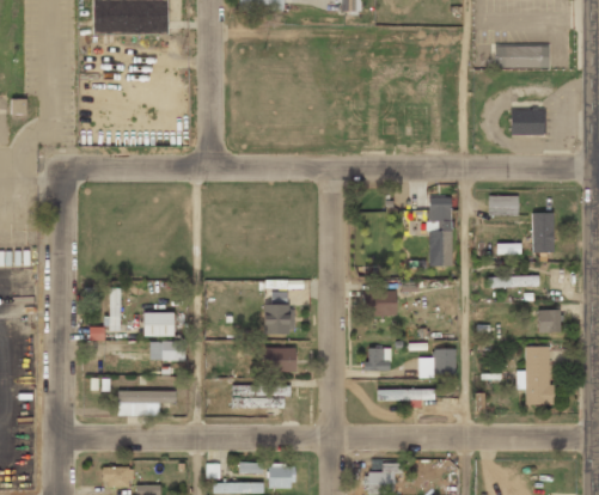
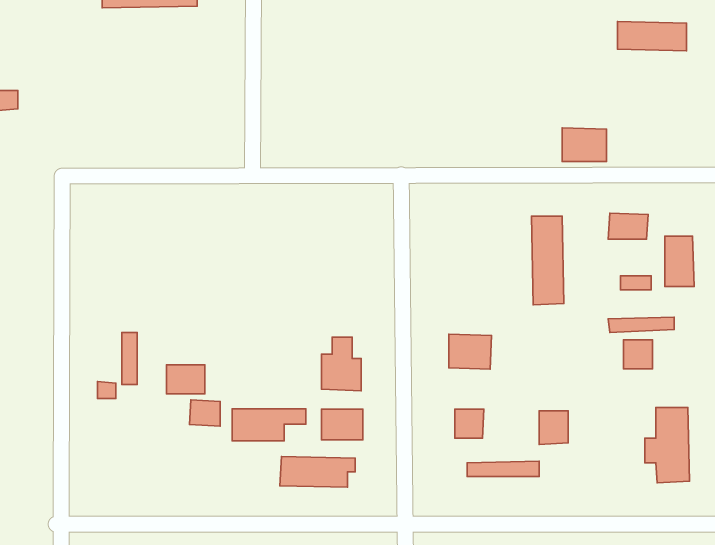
building: [511,109,545,135] -> [562,128,607,161]
building: [538,310,561,332] -> [624,340,653,369]
building: [118,391,176,416] -> [232,409,306,441]

